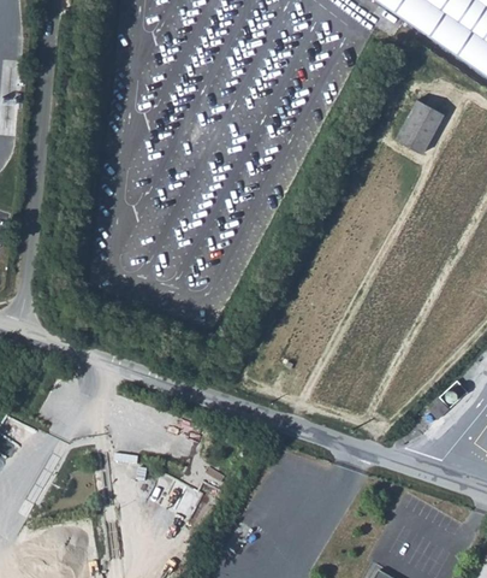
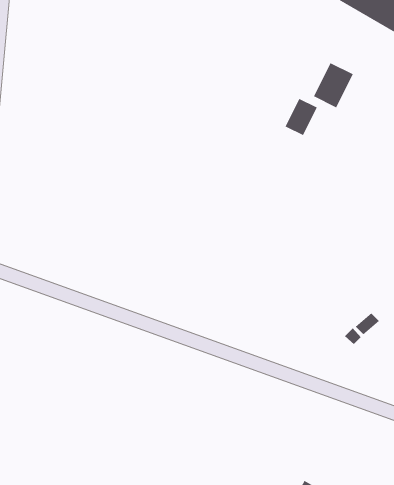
building: none -> [285,98,318,136]

